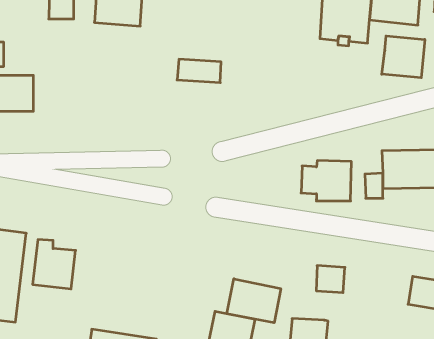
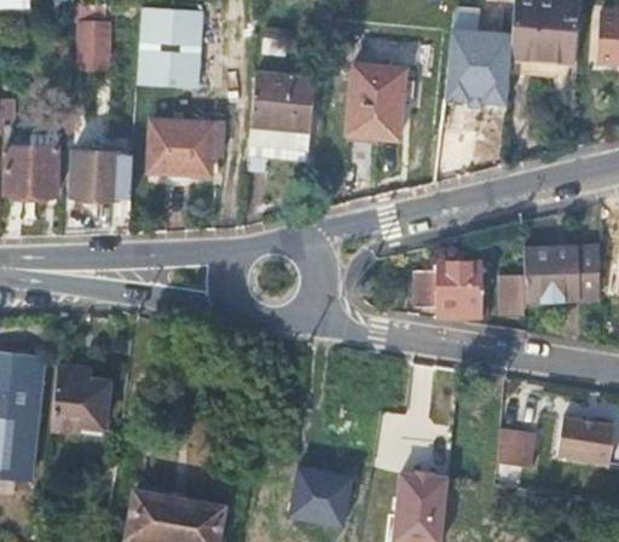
building: none -> [346,63,411,137]
building: none -> [250,73,312,128]
building: [382,36,425,78] -> none
building: none -> [150,117,225,172]
building: none -> [70,151,132,197]
building: [316,266,345,293] -> [498,427,537,463]
building: [227,279,281,323] -> none

